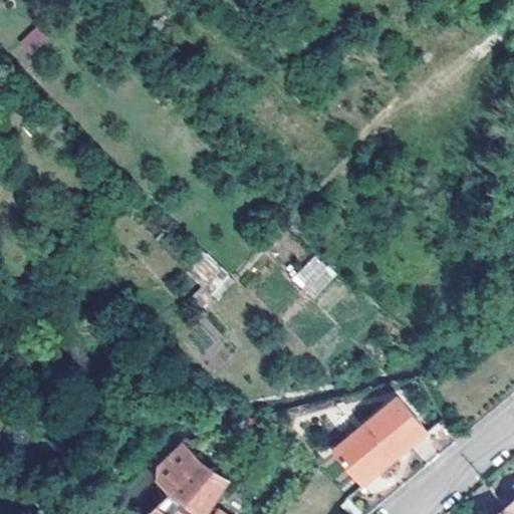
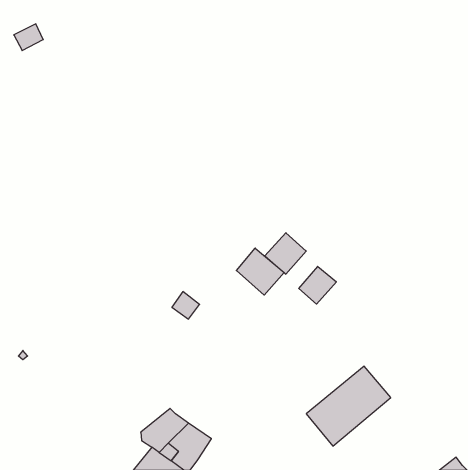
building: none -> [236,248,284,295]
building: none -> [299,266,336,304]

